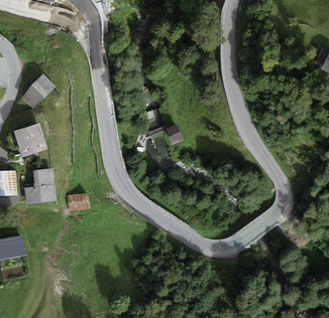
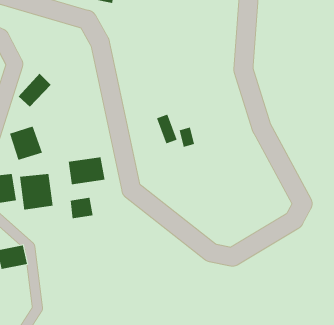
building: none -> [68,156,105,185]

